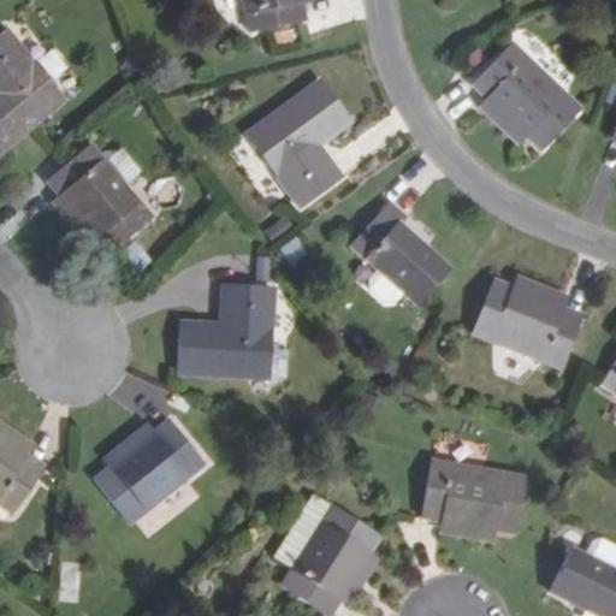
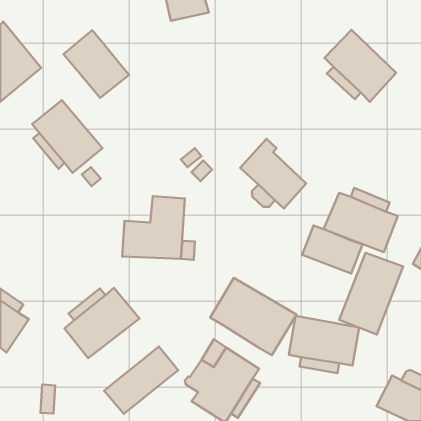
building: none -> [64,30,129,98]
building: [248,81,349,203] -> none
building: none -> [302,226,362,273]
building: none -> [339,253,403,334]
building: none -> [210,278,296,355]
building: none -> [104,346,178,414]

